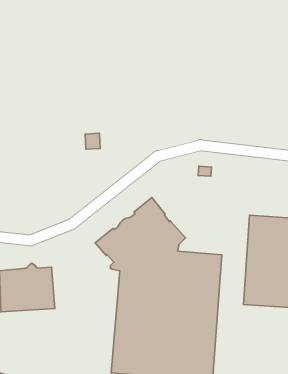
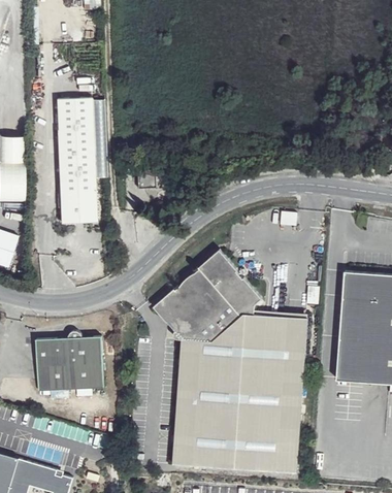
building: none -> [58,101,97,226]

